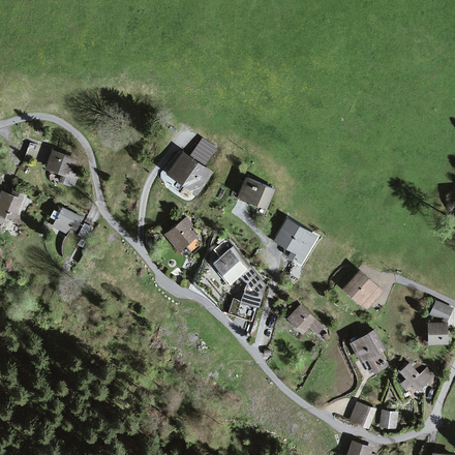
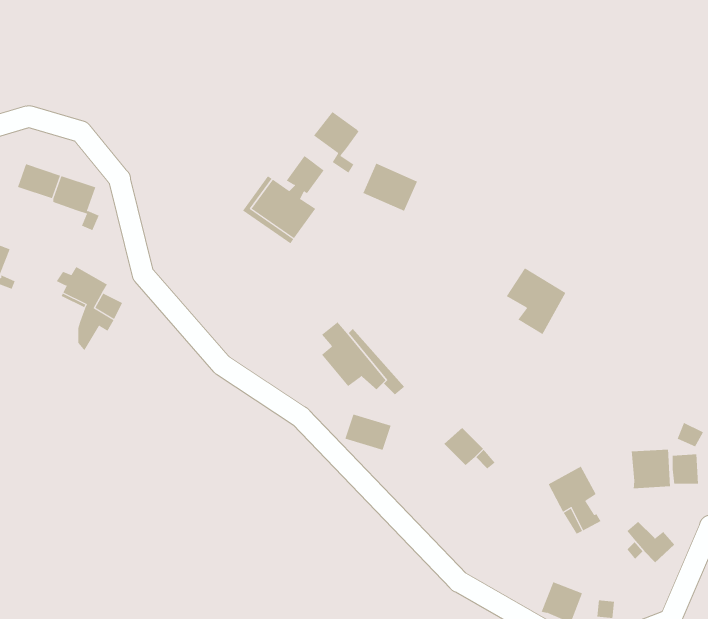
building: none -> [313,111,359,173]
building: [238,177,272,207] -> [362,163,418,212]
building: [164,220,201,251] -> none
building: [275,220,312,262] -> [506,268,566,335]
building: [344,272,380,306] -> none
building: none -> [631,449,671,489]

